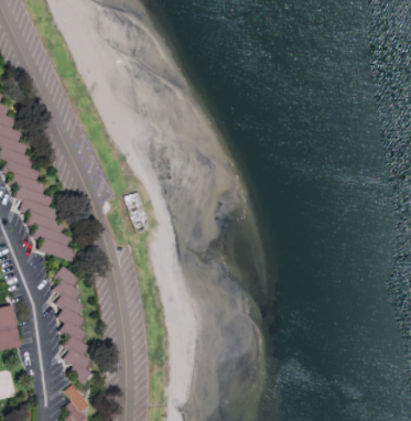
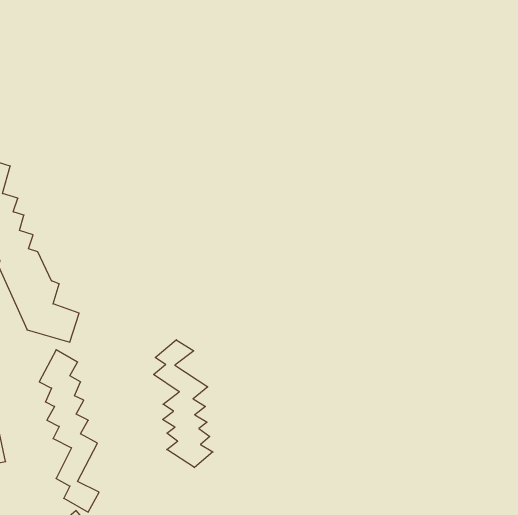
building: none -> [154,340,213,468]

